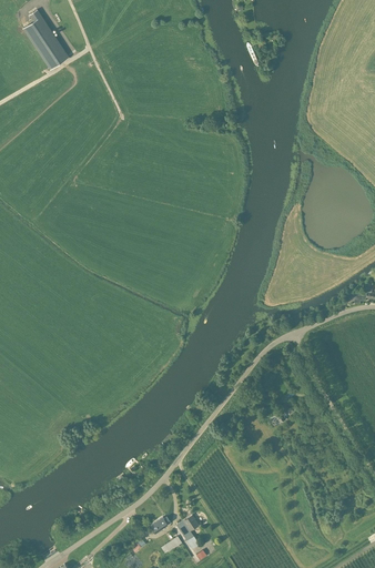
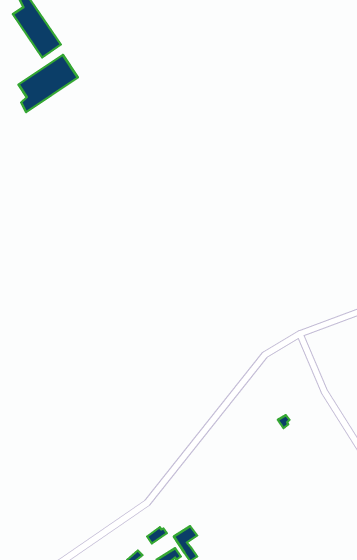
building: none -> [18,55,78,112]

